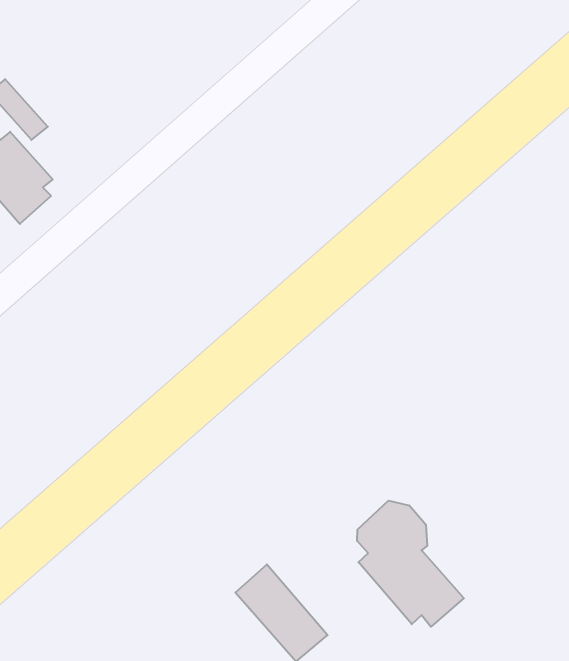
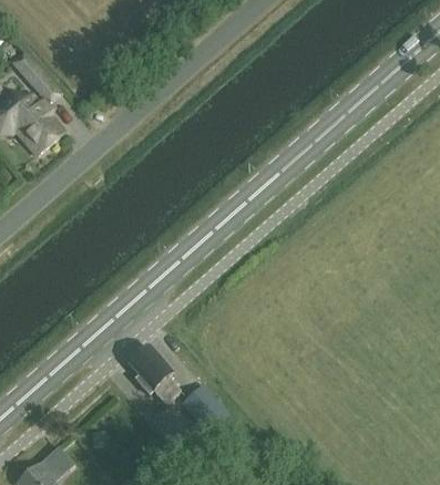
building: [357,501,464,627] -> none
building: none -> [131,348,182,404]

